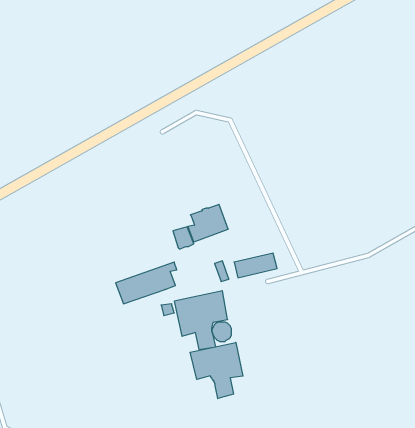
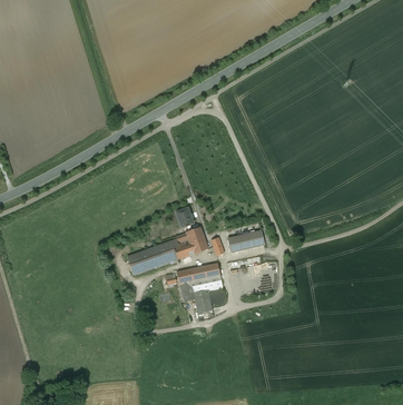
building: [188,204,228,242] -> [174,227,208,259]
building: [190,342,243,399] -> none

